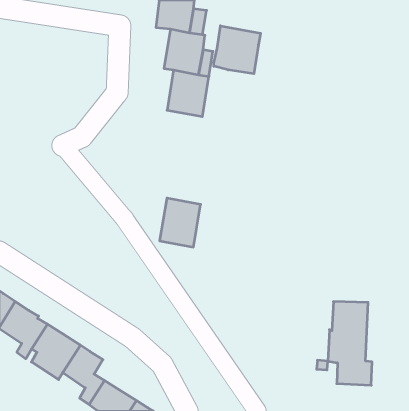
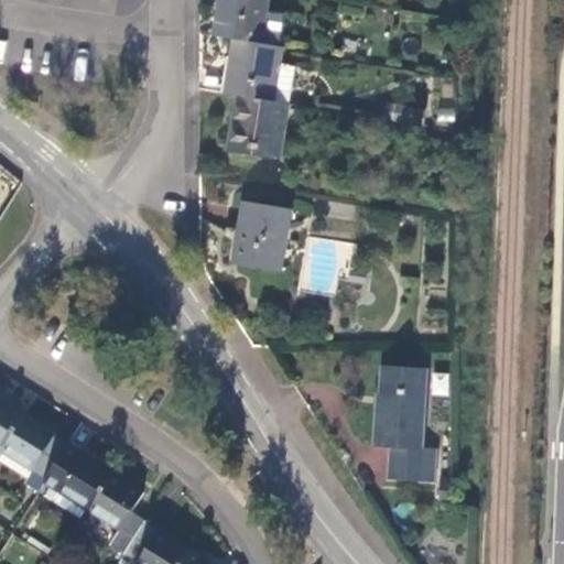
building: [214,26,261,74] -> none
building: [160,198,201,247] -> [232,204,289,271]
building: [328,302,372,385] -> [371,369,432,484]

